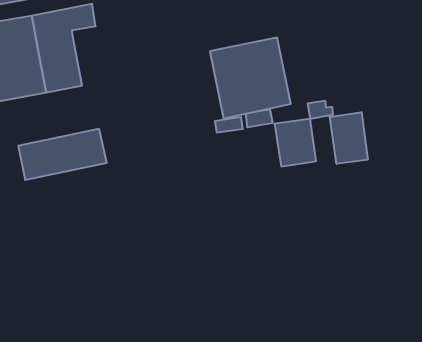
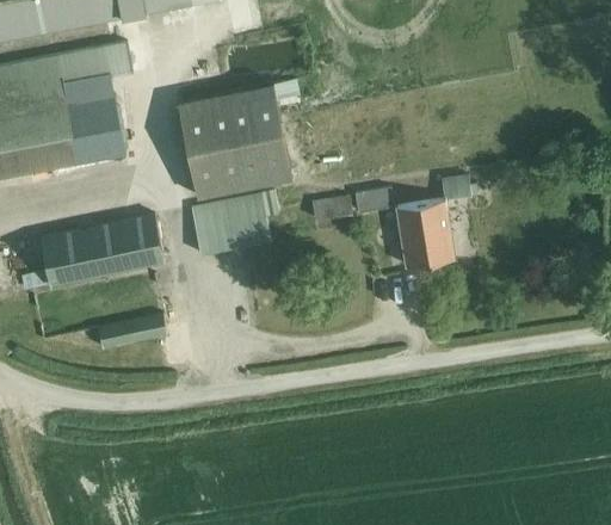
building: [210,38,291,118] -> [179,85,292,198]
building: [330,112,368,164] -> none
building: none -> [191,193,271,255]
building: none -> [95,315,166,348]

